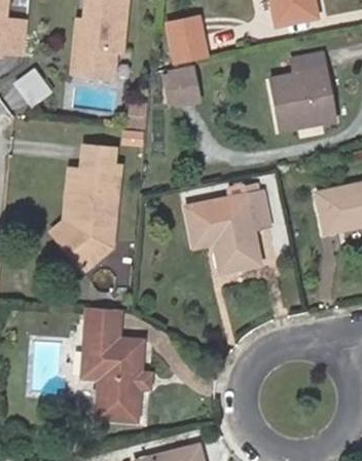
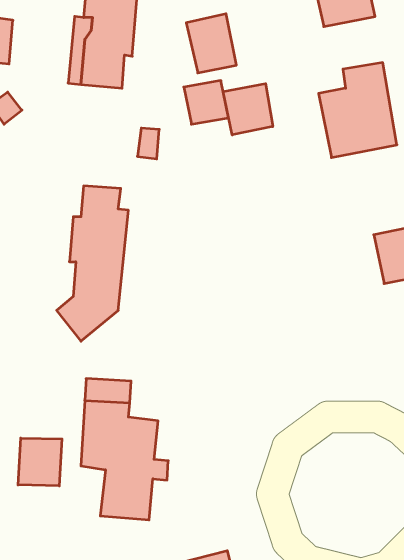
building: none -> [223,84,273,135]
building: [52,177,78,253] -> none
building: [187,191,269,272] -> none
building: none -> [18,438,62,486]

